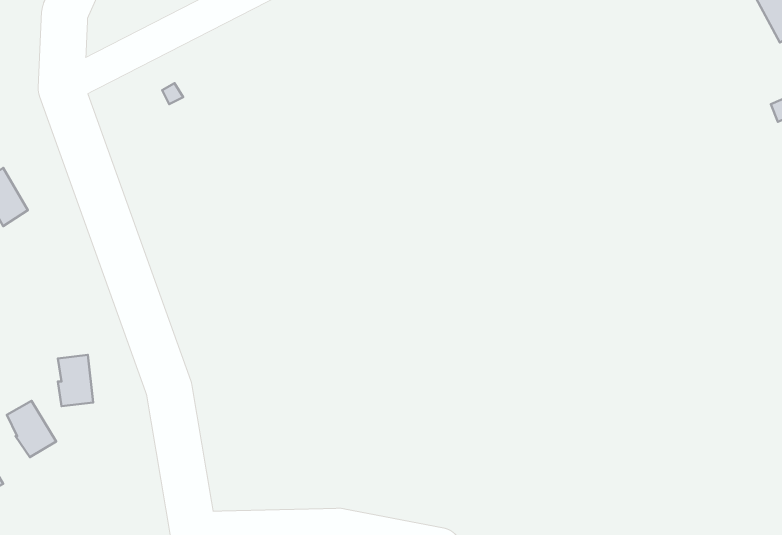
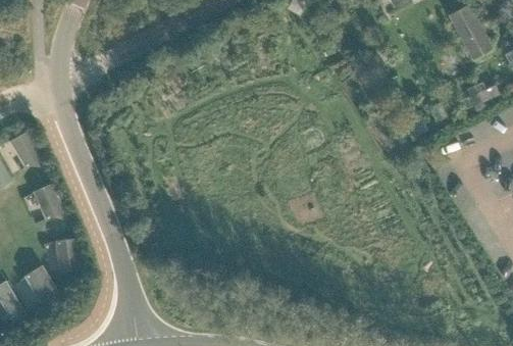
building: none -> [34,185,62,218]

